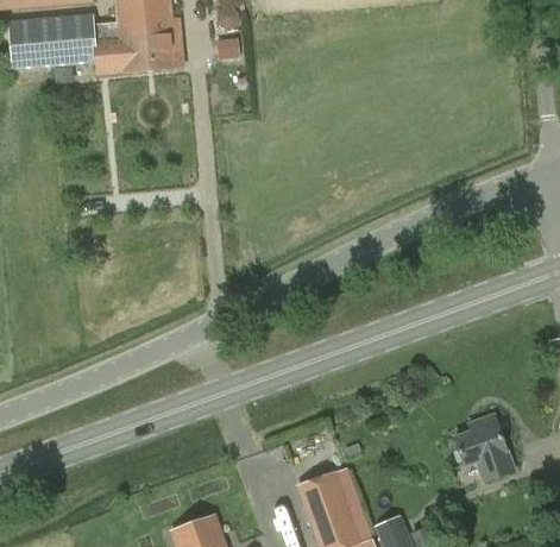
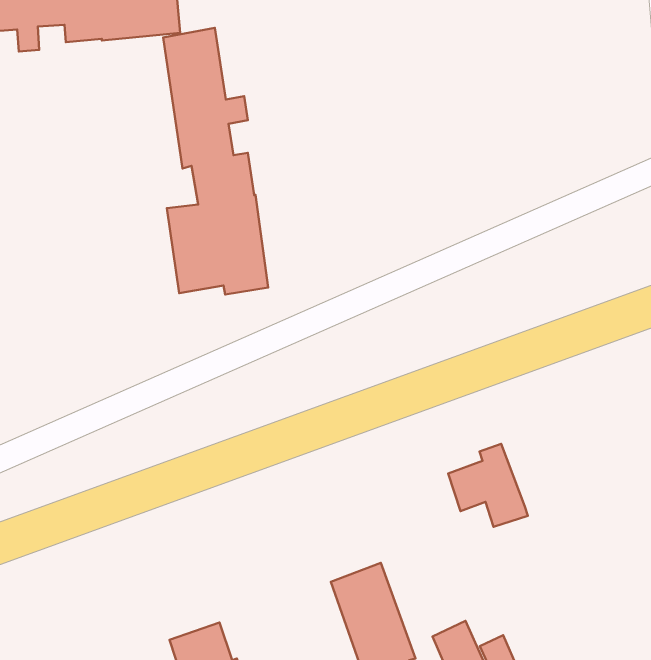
building: none -> [163,28,268,295]
building: [454,415,515,478] -> [448,444,528,527]

